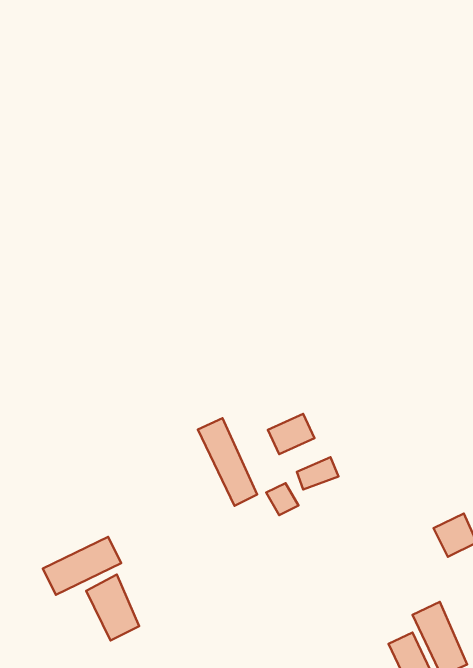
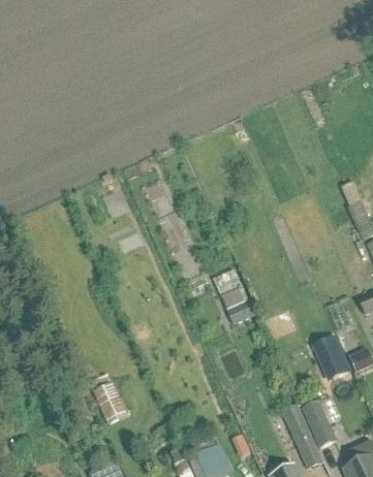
building: [198,418,257,506] -> none
building: [43,537,121,595] -> none

